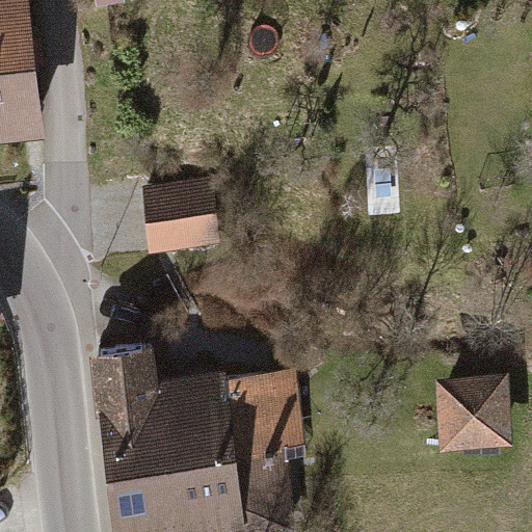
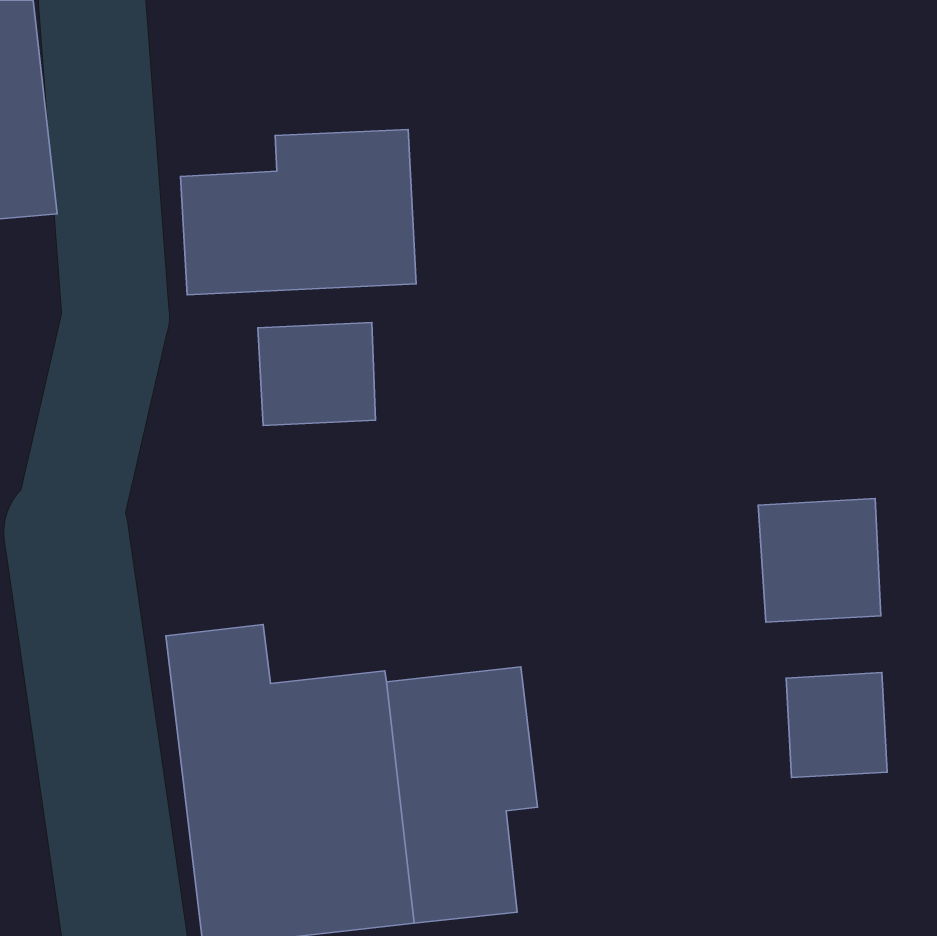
building: none -> [181,130,416,295]
building: none -> [758,499,881,622]

